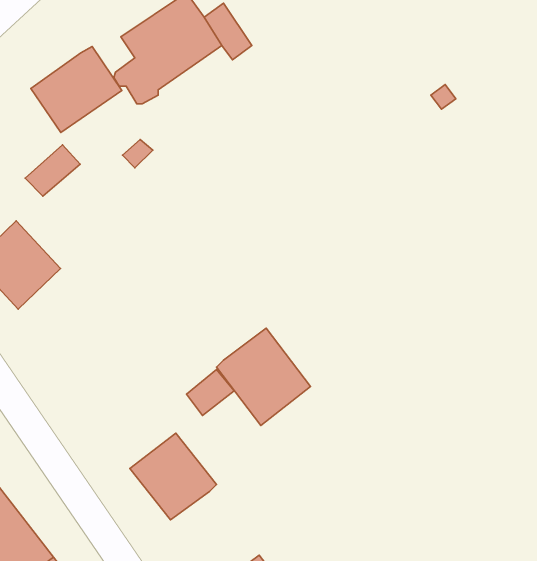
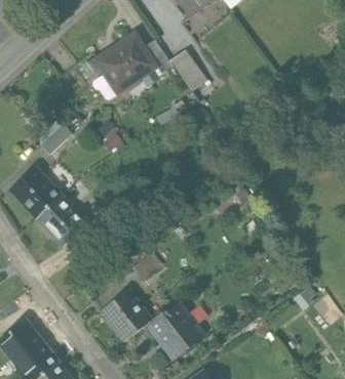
building: none -> [169,50,206,90]
building: [31,46,122,132] -> none
building: none -> [36,195,86,246]
building: [216,328,310,426] -> [147,301,201,357]

